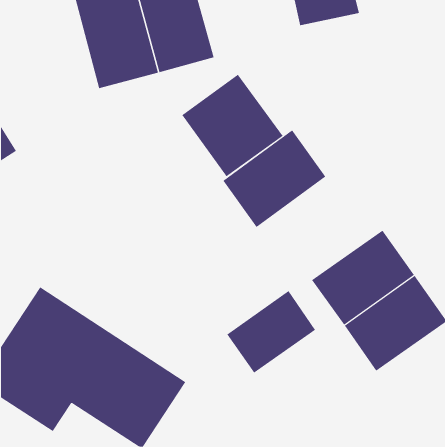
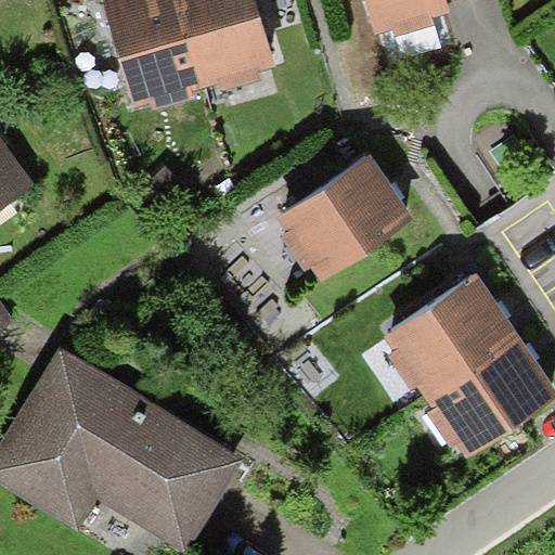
building: [182,74,284,177] -> none
building: [227,290,316,373] -> none

